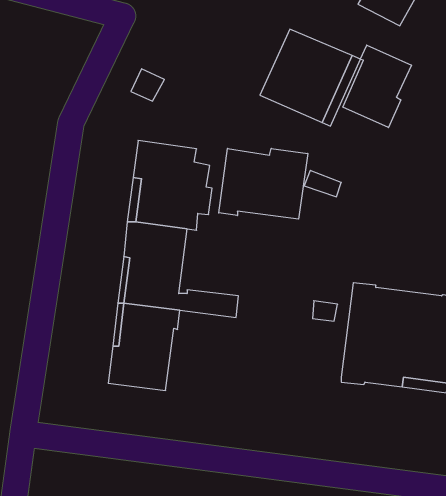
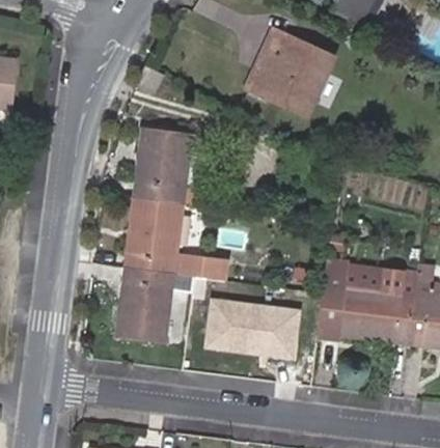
building: [343,45,411,128] -> none
building: [219,148,308,219] -> none
building: none -> [201,302,297,364]

